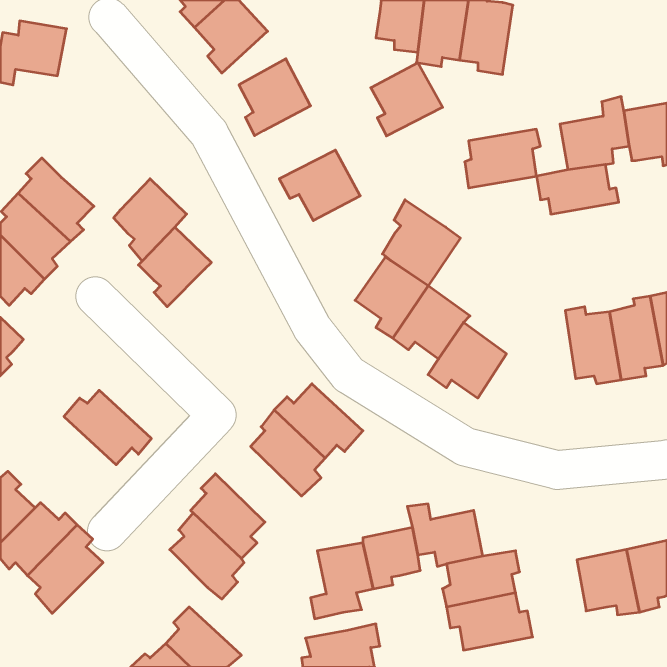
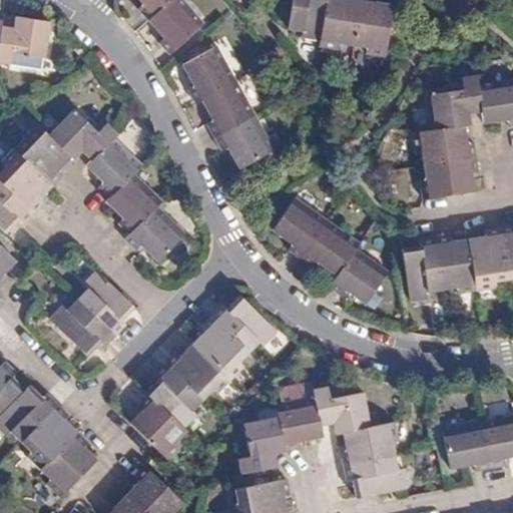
building: [371,63,443,136] -> [202,81,258,137]
building: [465,129,540,188] -> [420,155,478,200]
building: none -> [47,109,118,161]
building: [382,200,460,286] -> none
building: none -> [125,206,185,262]
building: none -> [402,238,442,302]
building: none -> [76,272,136,337]
building: none -> [165,343,231,401]
building: none -> [40,432,98,498]

